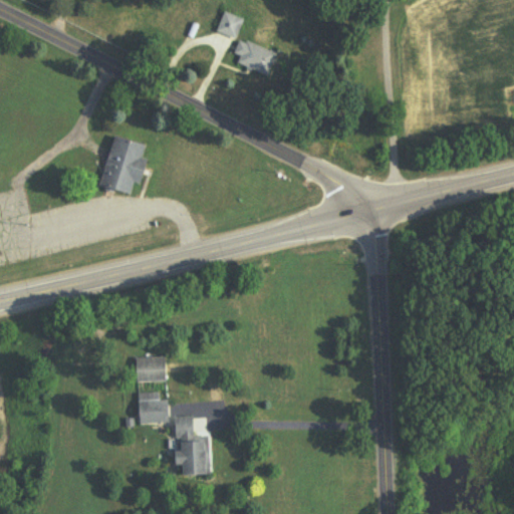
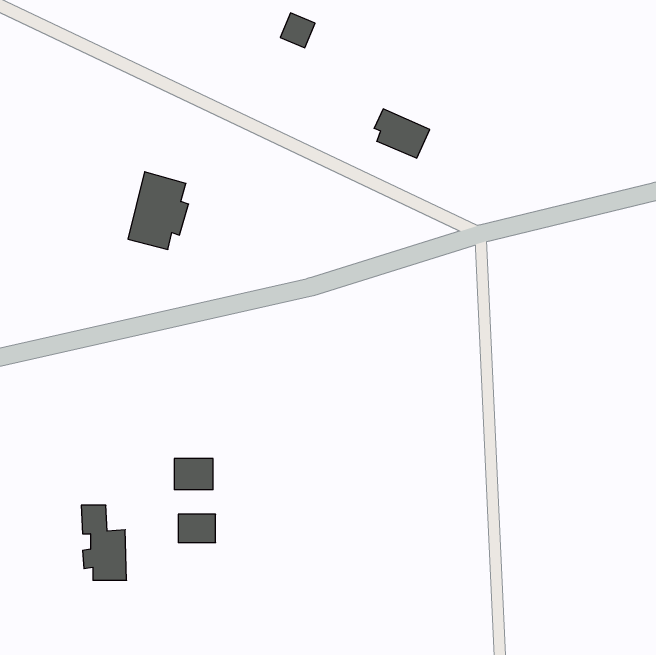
building: [235,36,278,74] -> [374,109,430,158]
building: [174,416,209,474] -> [81,505,127,580]

